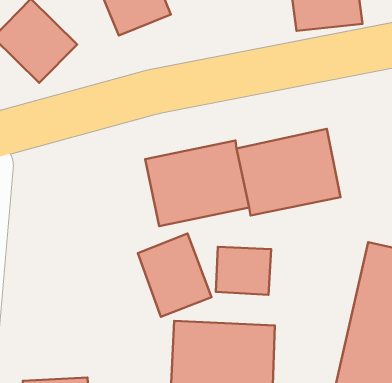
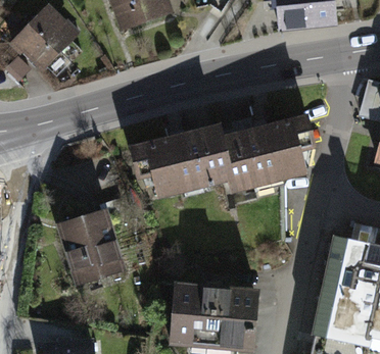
building: [138,234,212,317] -> [56,216,122,290]
building: [216,247,271,295] -> none

